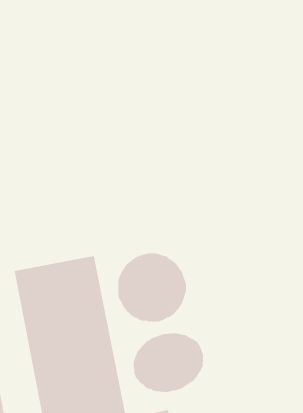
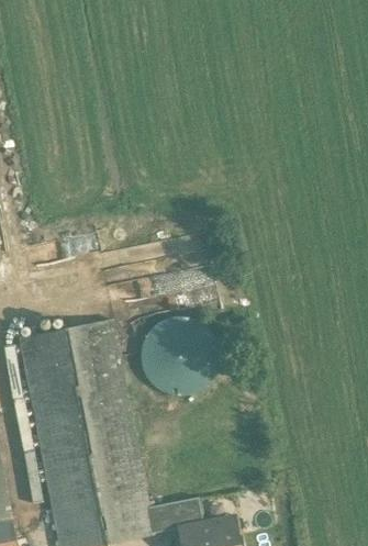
building: [133,333,204,393] -> none

